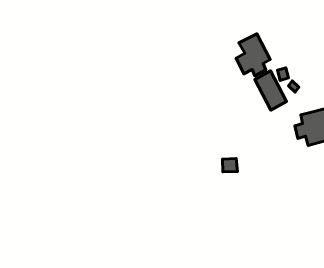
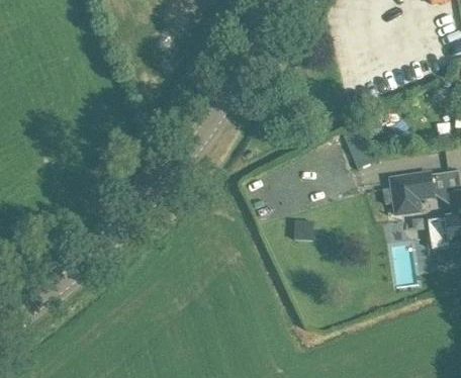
building: [236,34,270,76] -> none

